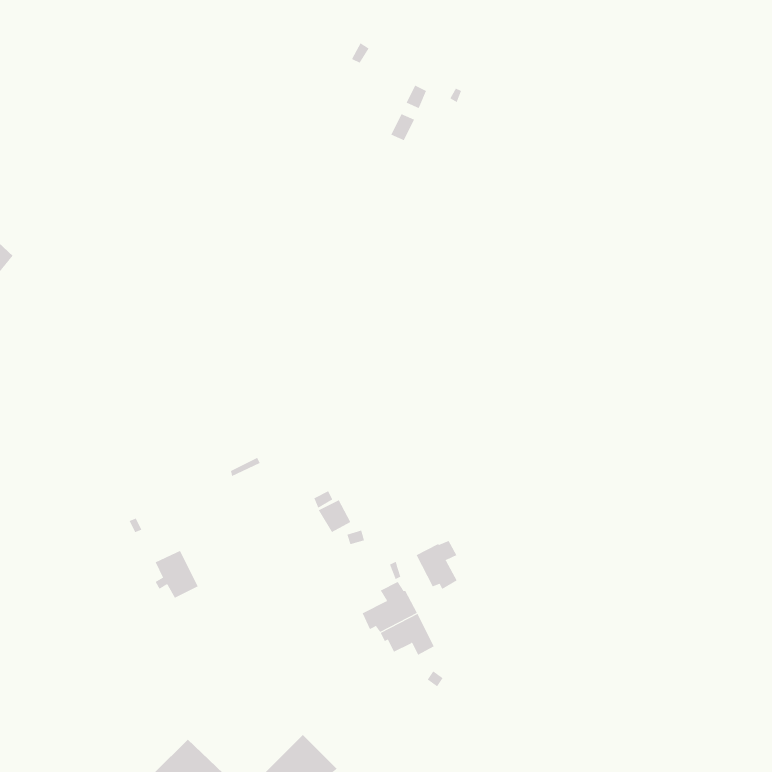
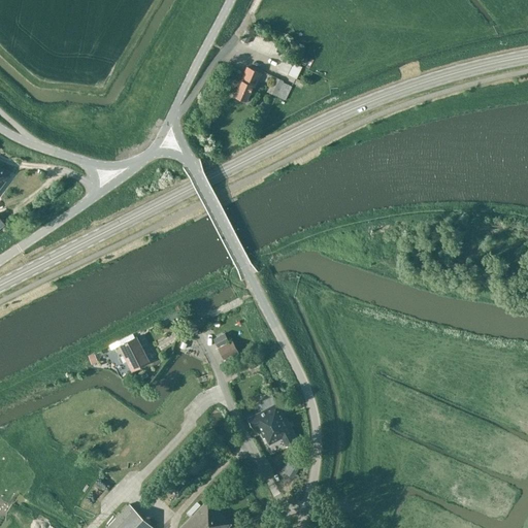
building: none -> [233,68,260,102]
building: [416,540,458,590] -> none
building: [155,550,199,599] -> [118,337,147,370]

